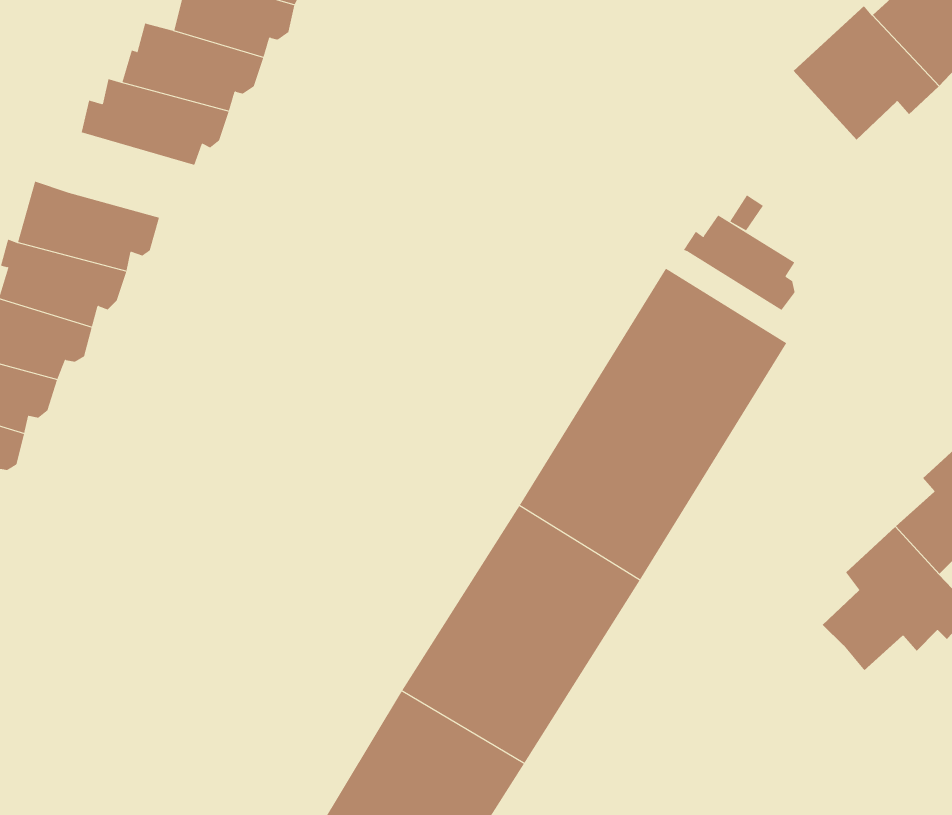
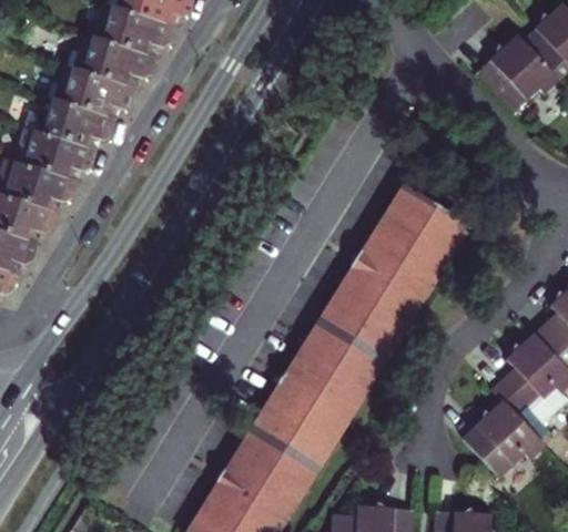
building: none -> [55,102,129,152]
building: [683,215,795,311] -> none
building: none -> [460,398,544,474]

